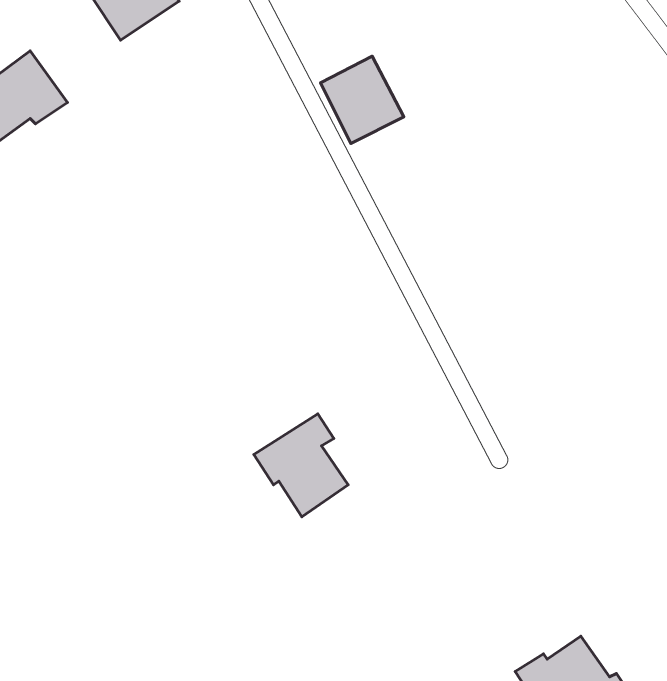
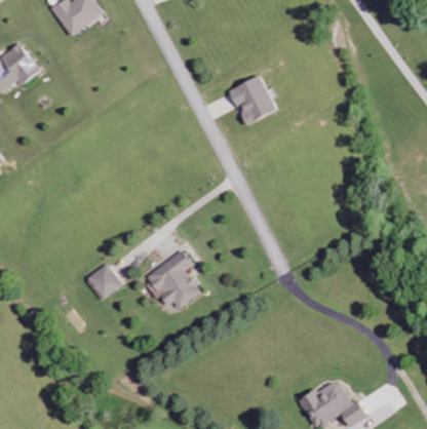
building: [320,56,404,143] -> [229,75,277,125]
building: none -> [87,264,123,300]

